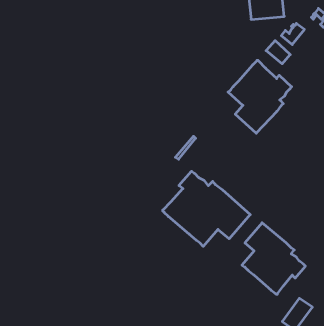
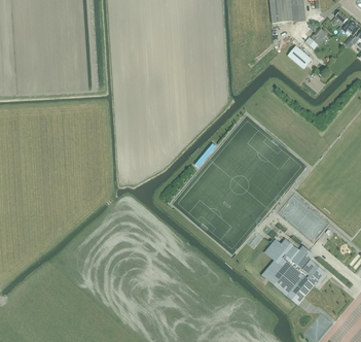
building: [228,60,292,133] -> none
building: [163,171,250,246] -> none

